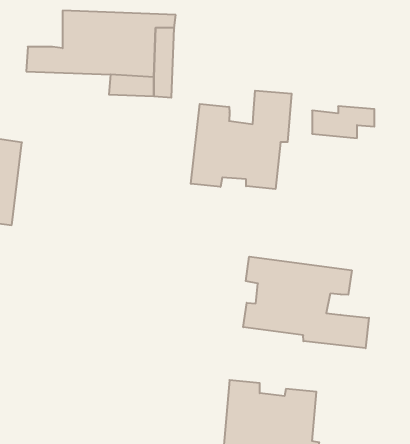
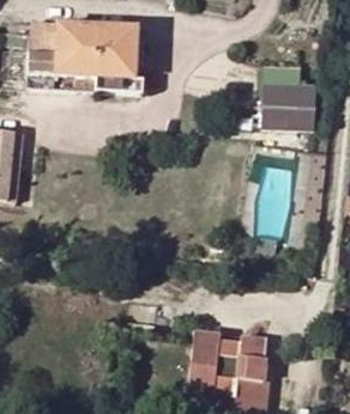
building: [191,91,292,189] -> none
building: [243,257,369,348] -> none

